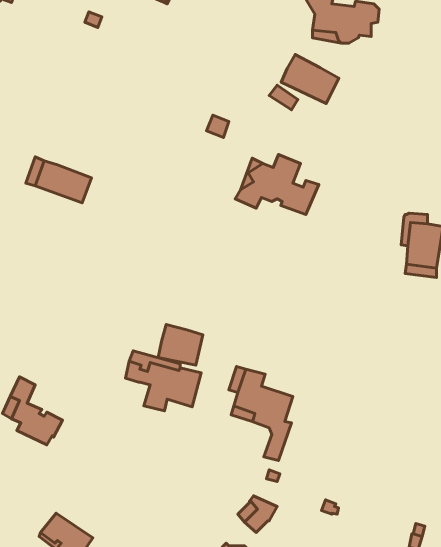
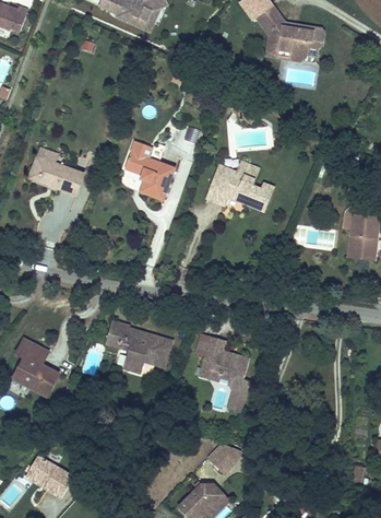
building: [281,55,339,103] -> none
building: none -> [122,151,174,201]
building: [158,325,203,365] -> none

